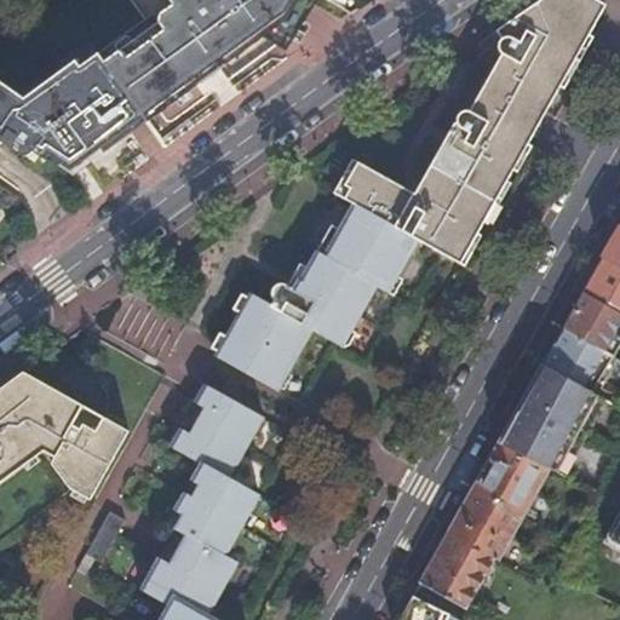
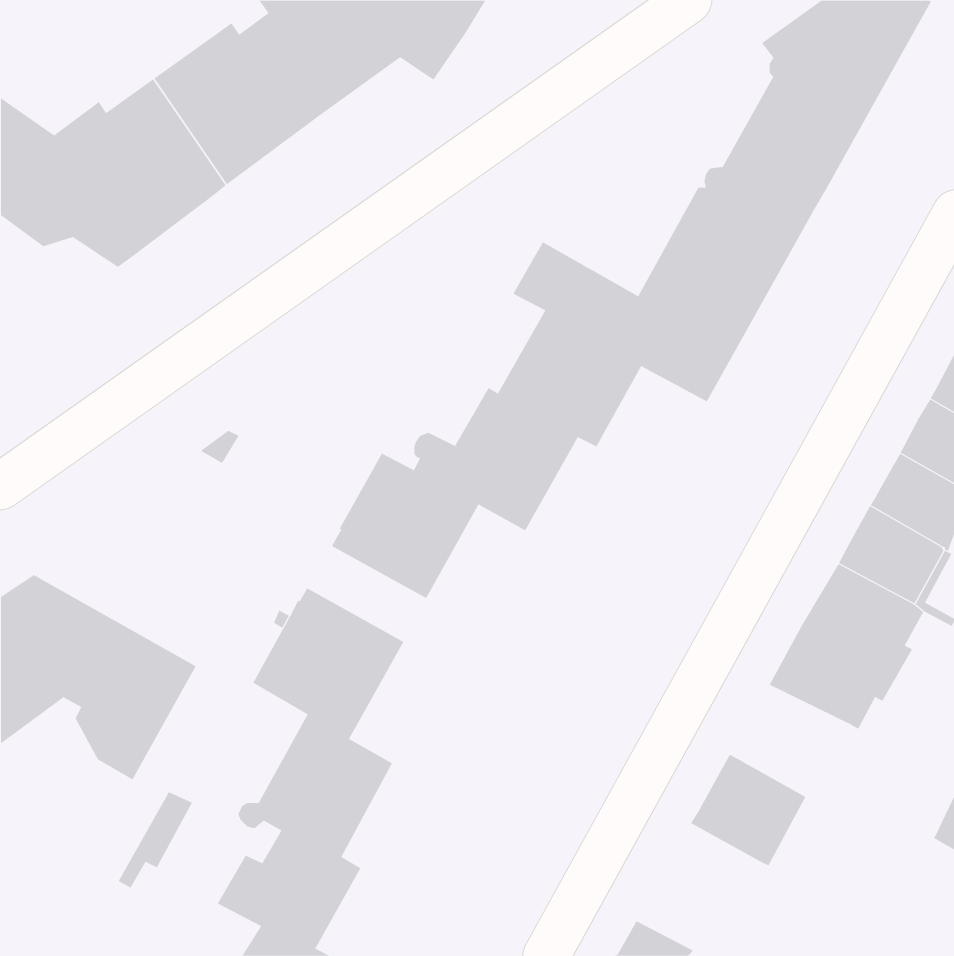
building: [473,443,551,516] -> none
building: [420,533,494,608] -> none

